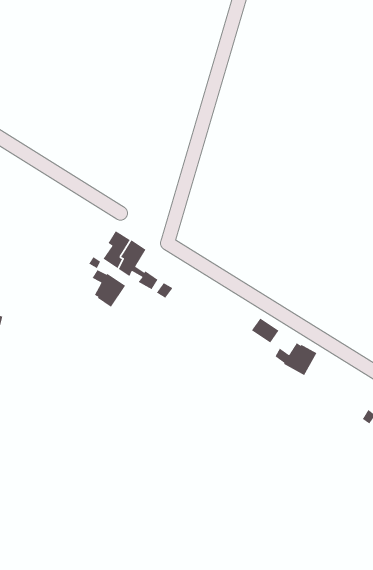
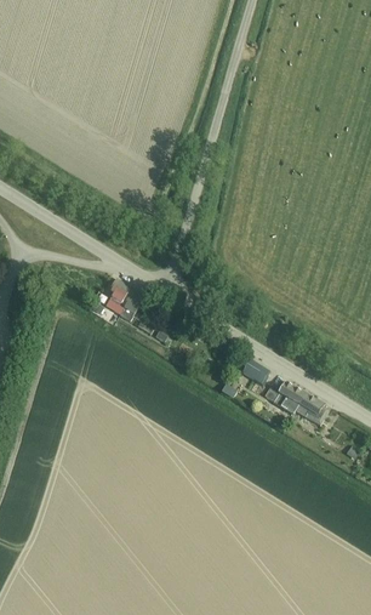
building: [91,269,126,308] -> none
building: none -> [292,391,329,425]

